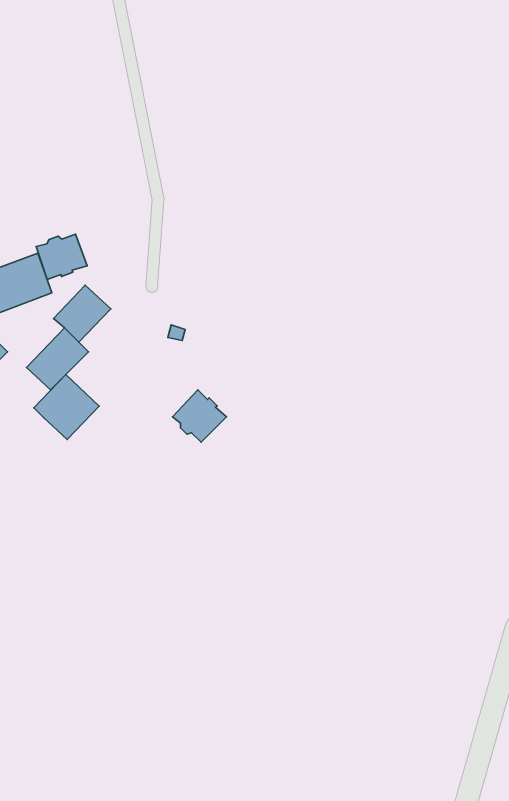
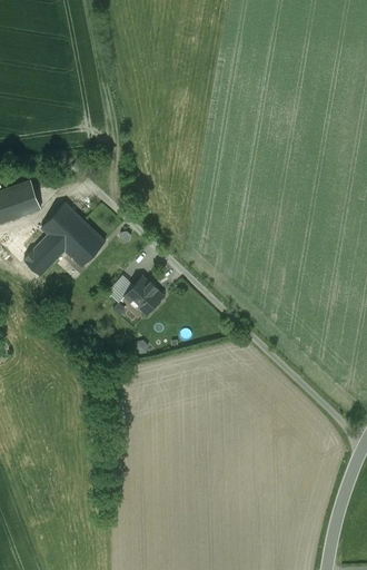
building: [36,234,87,280] -> none
building: [34,375,99,440] -> [59,219,105,265]

